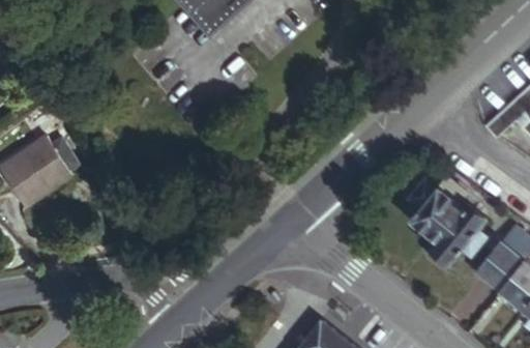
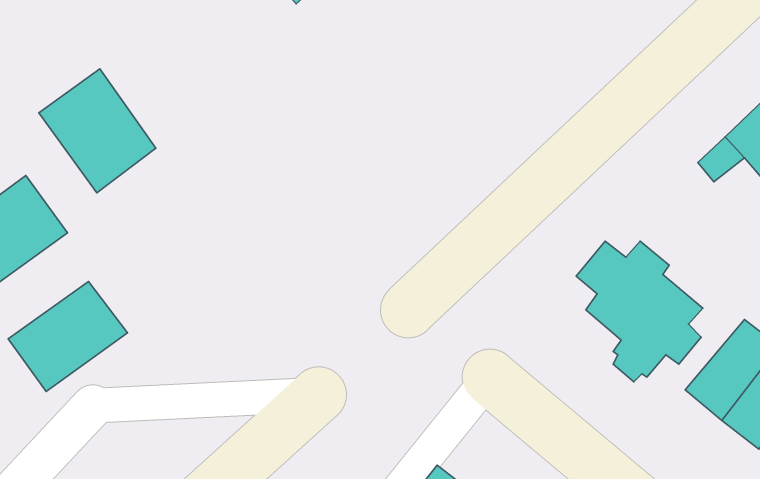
building: none -> [39,69,156,193]
building: none -> [8,282,127,391]

